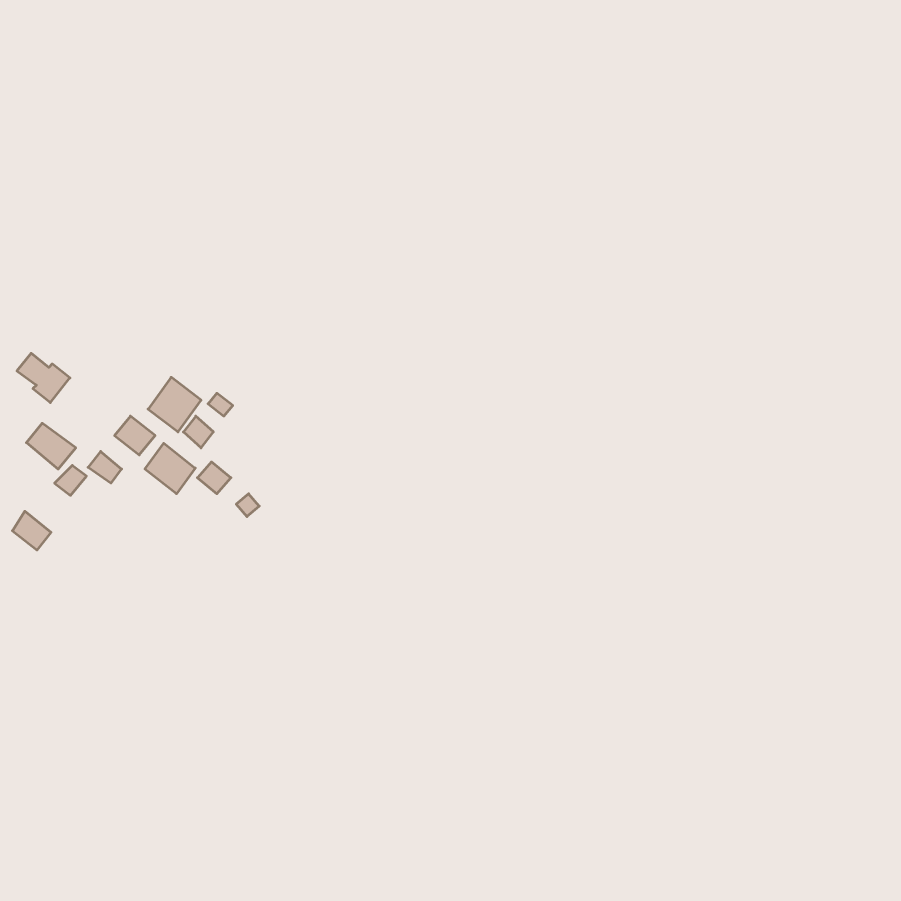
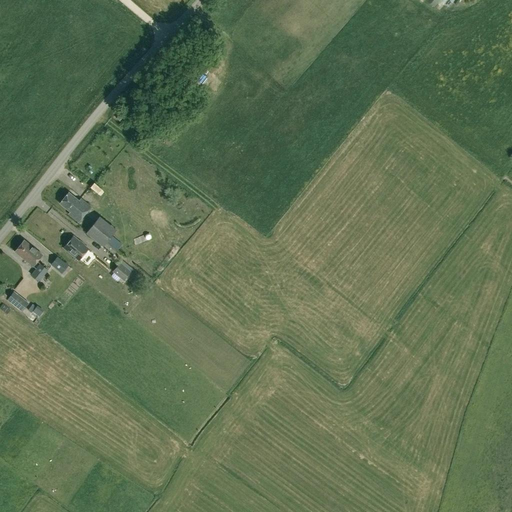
building: [17,353,70,403] -> [60,193,90,221]
building: [145,443,195,494] -> none

